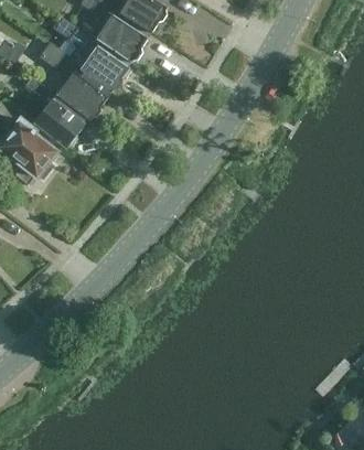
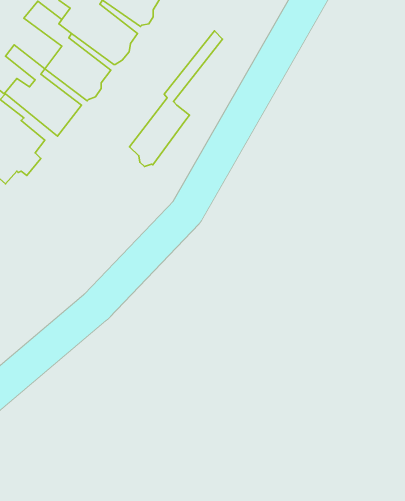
building: none -> [129,31,223,167]

